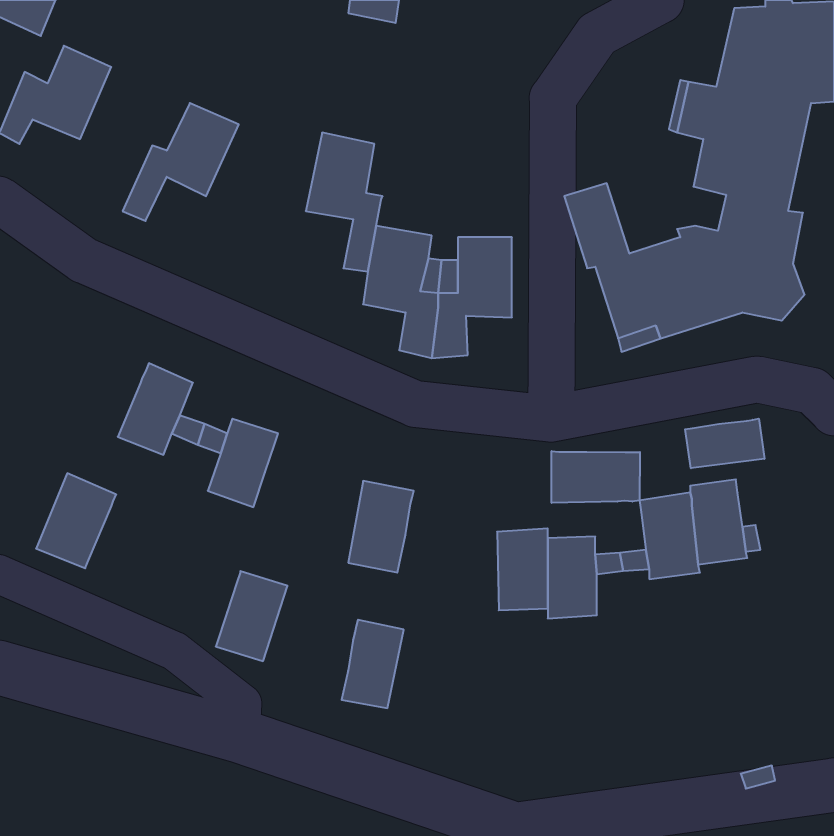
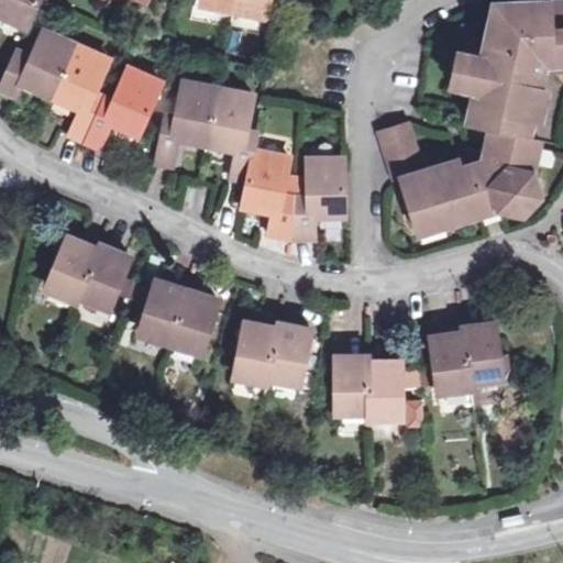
building: none -> [54,45,107,142]
building: none -> [154,82,217,168]
building: [685,419,764,468] -> none
building: [552,451,640,503] -> none
building: [36,473,116,568] -> [44,235,98,299]
building: [216,571,288,661] -> [170,290,219,351]
building: [342,620,404,708] -> [268,325,310,385]

